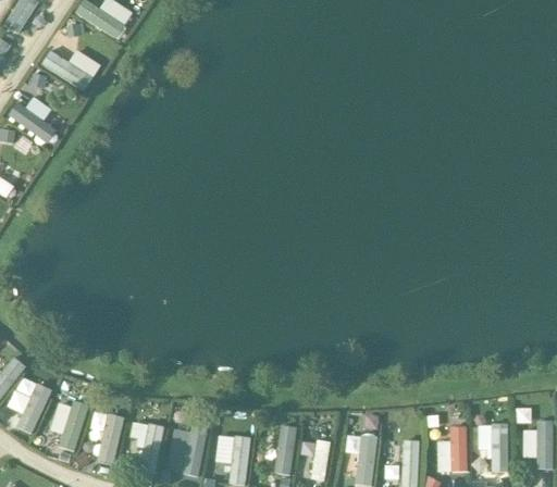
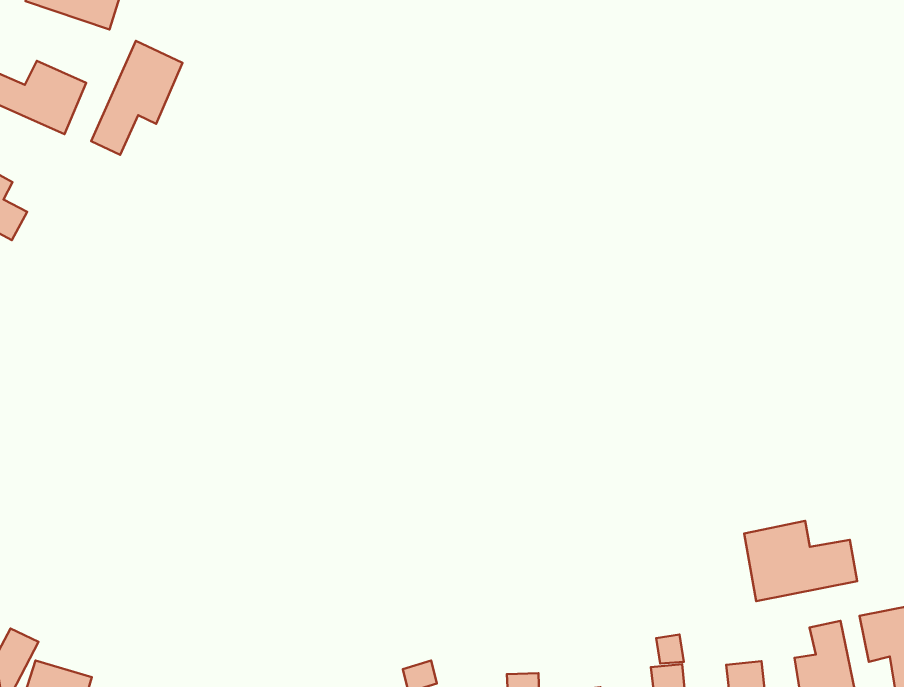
building: none -> [91,41,182,155]
building: none -> [744,521,857,601]

